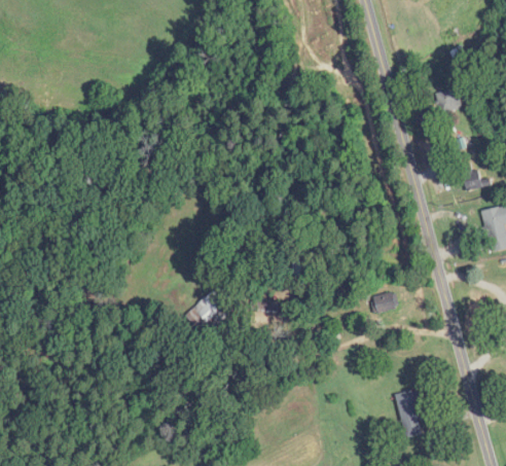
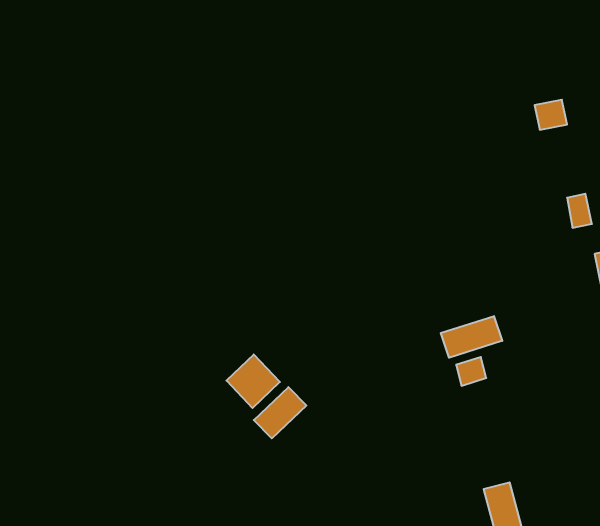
building: none -> [441,316,502,358]
building: none -> [254,387,306,438]

